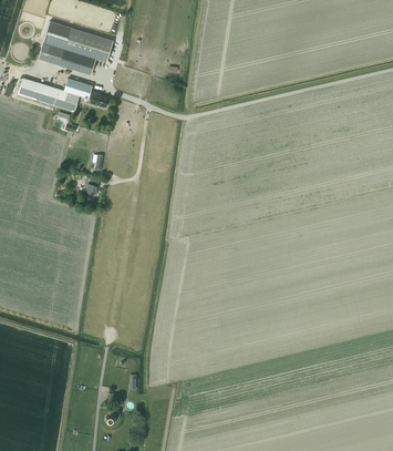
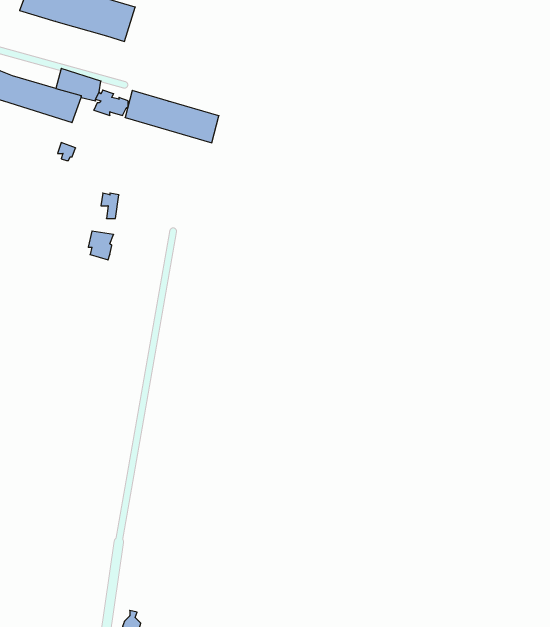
building: [38,43,95,75] -> [125,90,219,143]

